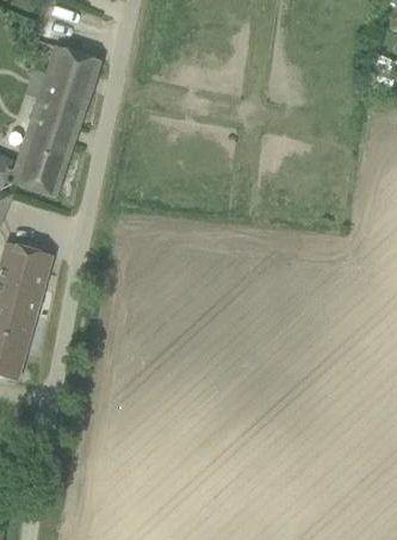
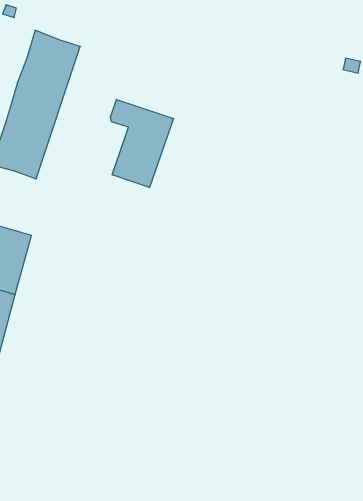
building: none -> [111,99,173,188]

